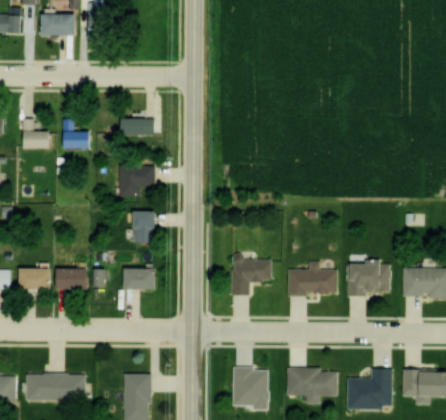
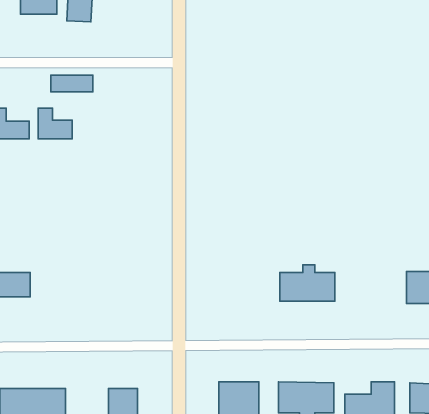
building: [120,119,158,134] -> [51,75,93,92]
building: [121,165,157,197] -> none
building: [137,211,159,244] -> none
building: [224,259,265,294] -> none
building: [340,262,383,294] -> none
building: [59,269,104,289] -> none
building: [127,269,158,289] -> none

